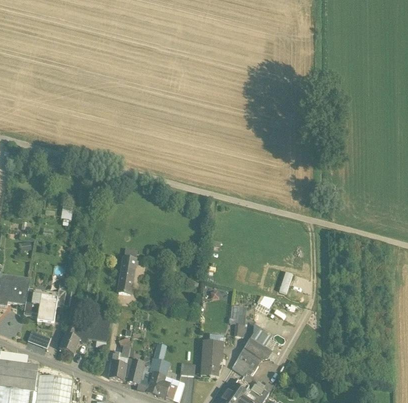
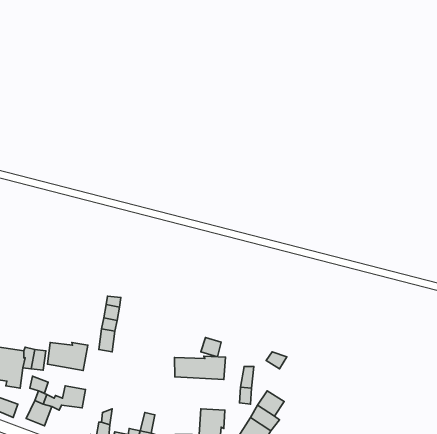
building: none -> [47,342,88,371]
building: none -> [174,356,226,380]

